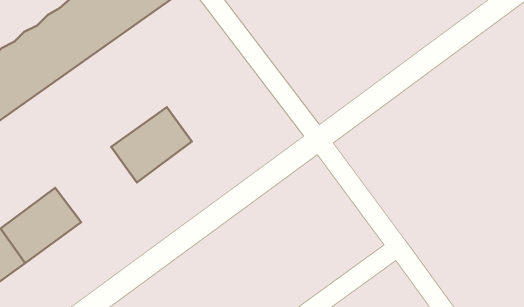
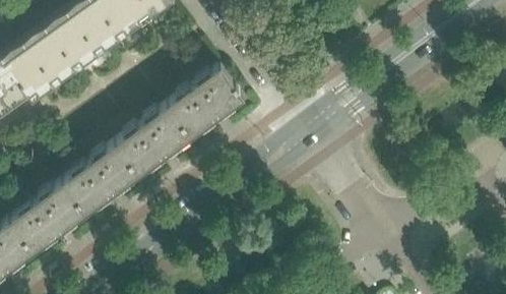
building: none -> [167,64,244,135]
building: none -> [61,140,138,212]

